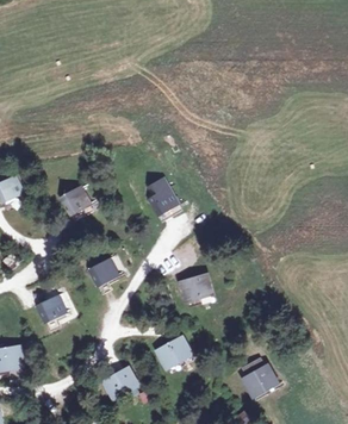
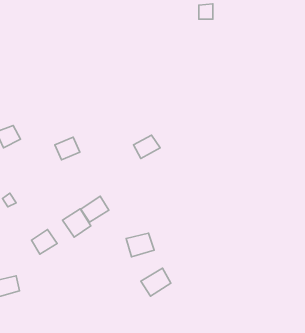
building: [181,270,212,297] -> [126,233,154,257]
building: none -> [63,209,91,237]
building: [243,363,279,399] -> none
building: [102,366,137,397] -> none

